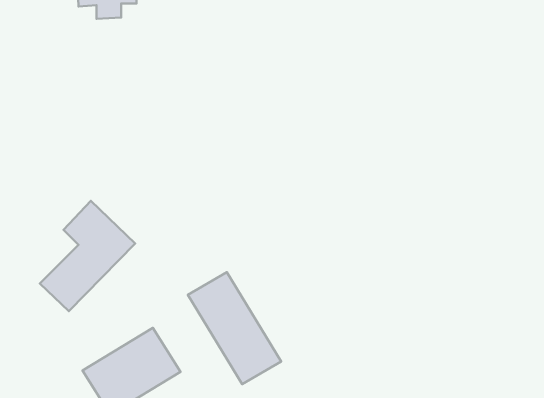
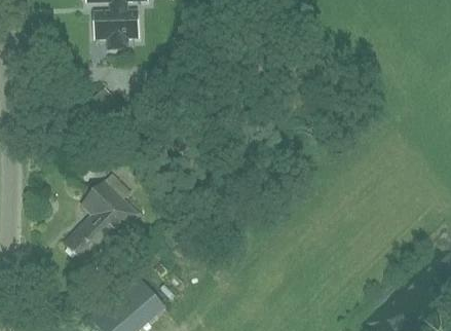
building: [188,272,281,384] -> none

